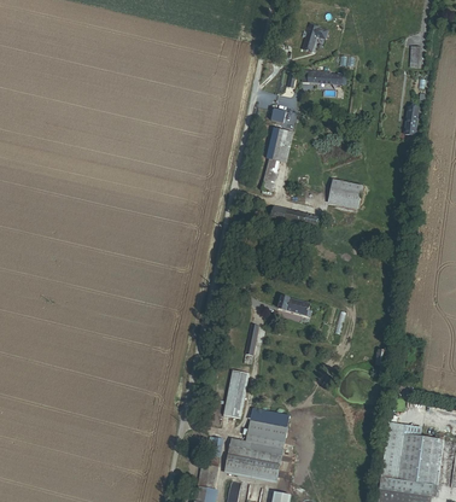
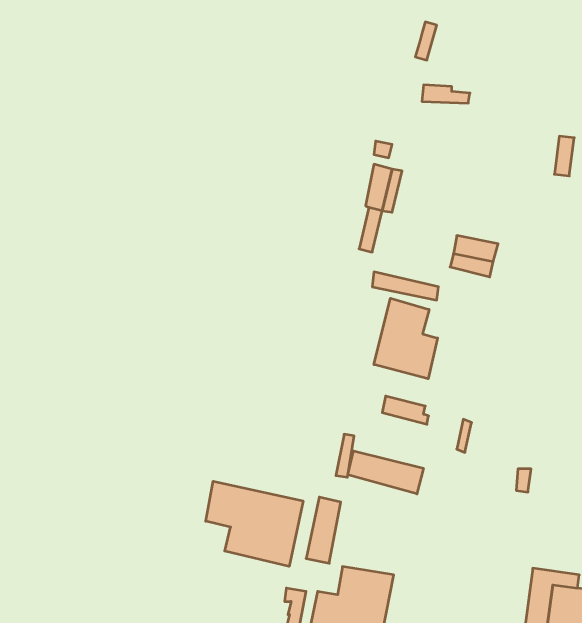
building: none -> [374,298,438,379]
building: none -> [348,451,423,494]
building: none -> [206,481,303,566]

